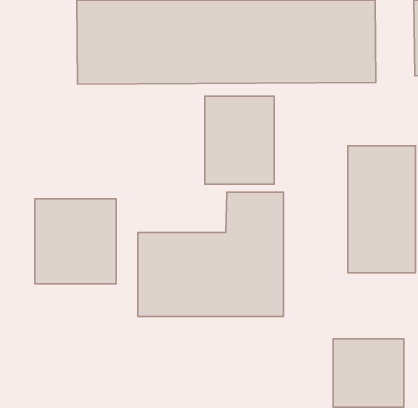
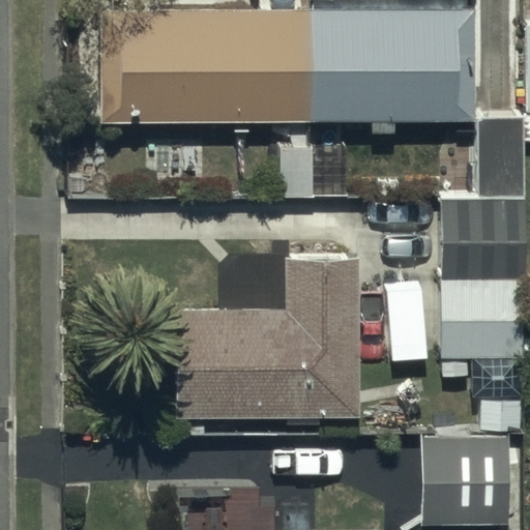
building: [205,96,274,184] -> none
building: [35,199,116,284] -> none

